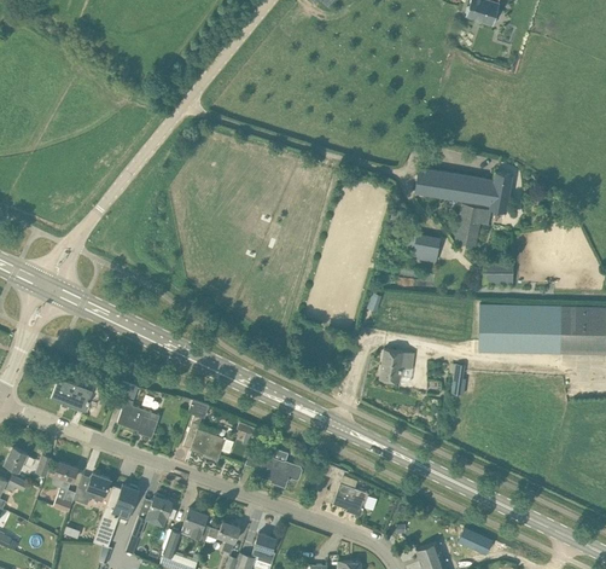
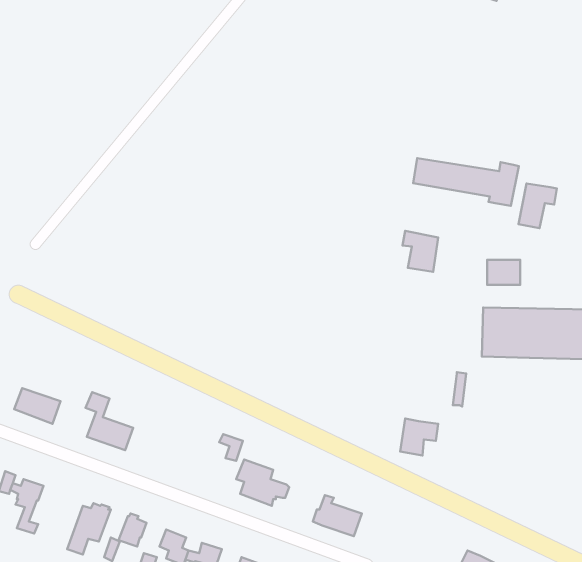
building: [455,205,490,246] -> [518,183,557,228]
building: [379,349,414,383] -> [400,418,438,455]
building: [183,400,233,460] -> none
building: [72,474,110,506] -> none

